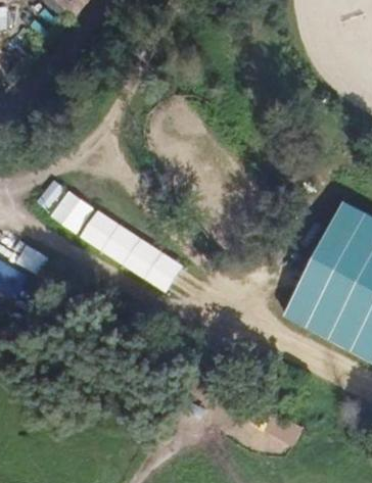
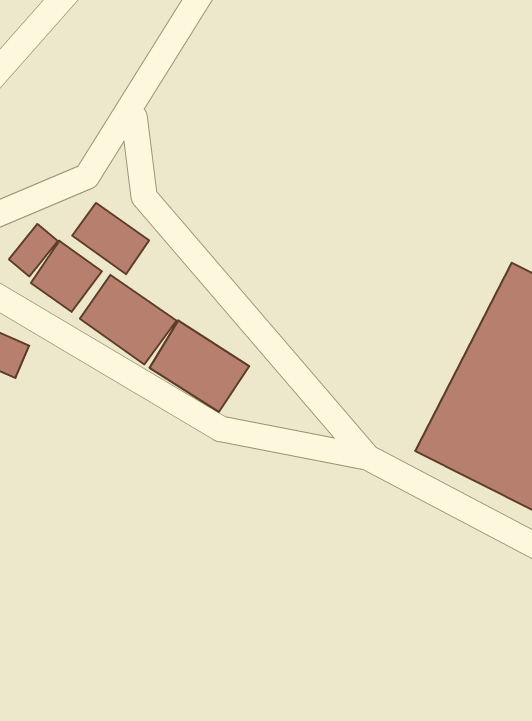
building: none -> [72,203,149,274]

